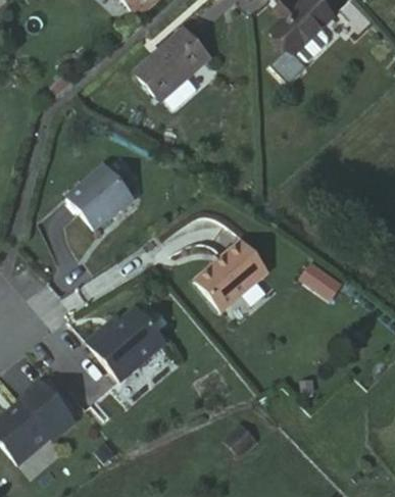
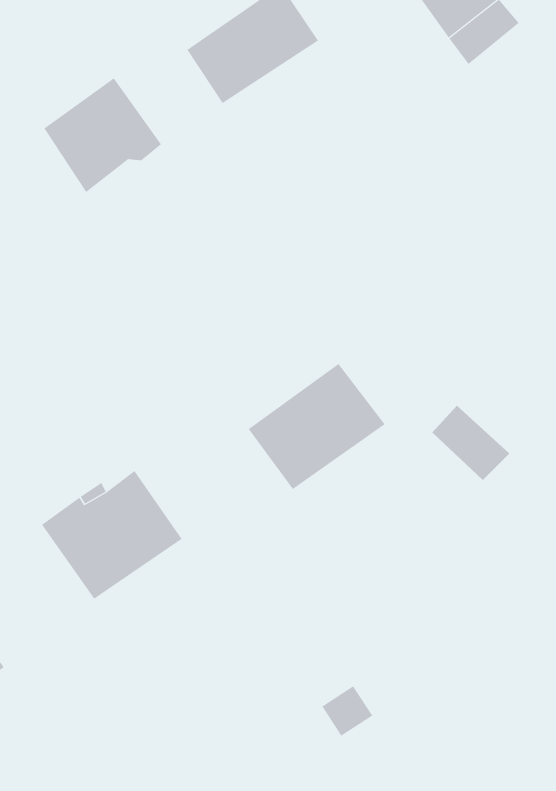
building: [59,167,125,232] -> [43,77,162,193]

